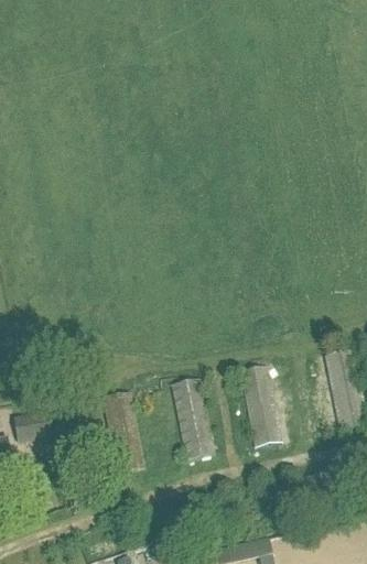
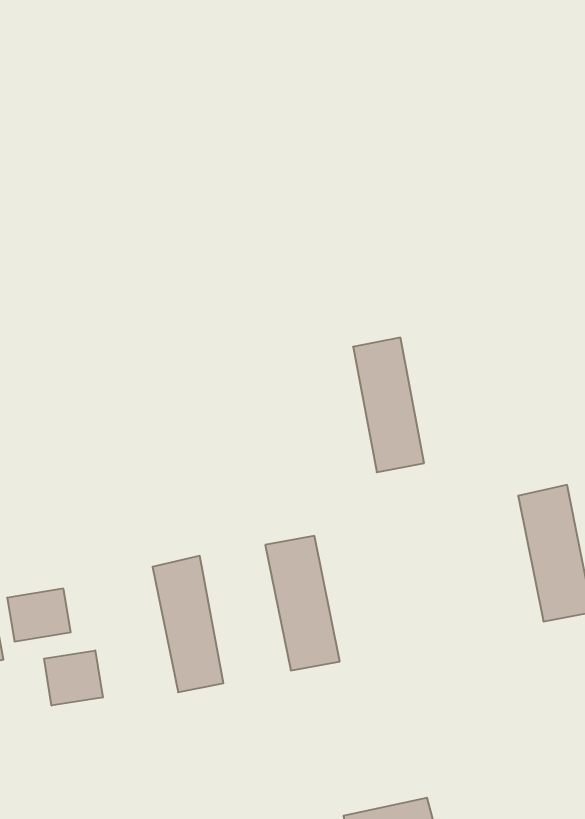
building: [240,366,283,447] -> [353,338,424,472]
building: none -> [44,650,103,706]

